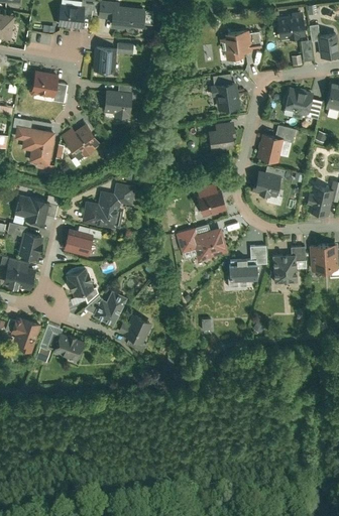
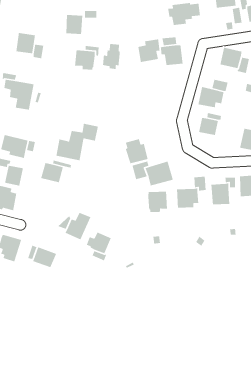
building: none -> [102,43,121,70]
building: [207,122,235,152] -> [138,38,160,63]
building: [62,123,100,158] -> none
building: [196,183,225,216] -> [125,138,148,164]
building: none -> [148,191,168,213]
building: [65,267,94,297] -> none

